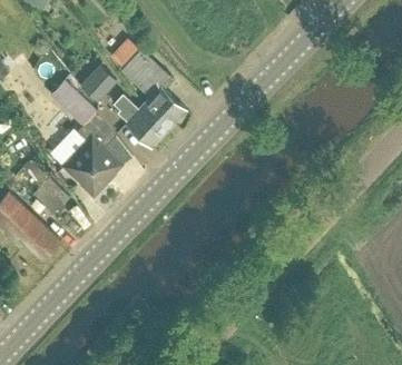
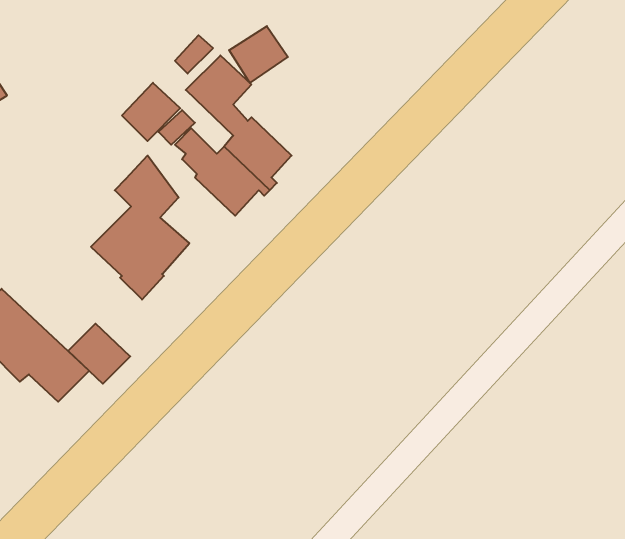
building: none -> [229,26,288,83]
building: [51,80,97,126] -> none
building: [32,179,70,216] -> [68,324,130,384]

